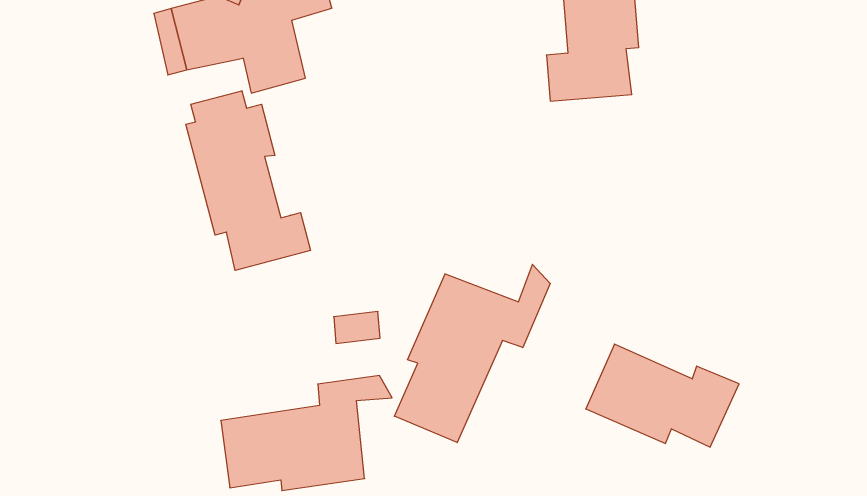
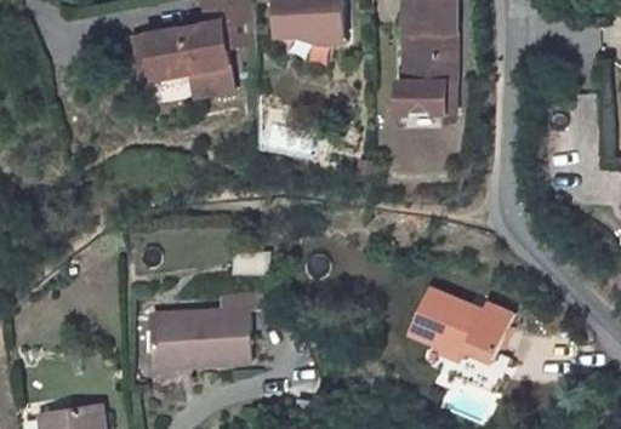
building: [186,91,311,270] -> none
building: [394,264,550,443] -> none

